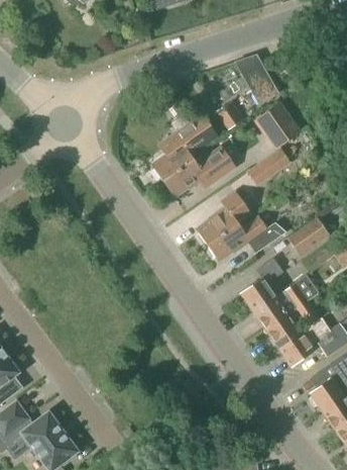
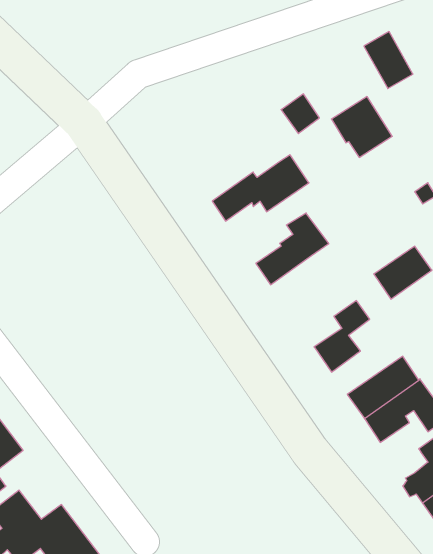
building: [242,61,279,104] -> [364,32,413,89]
building: [152,112,219,181] -> none
building: [247,147,292,185] -> none
building: [208,215,276,260] -> none
building: [254,281,309,328] -> none

